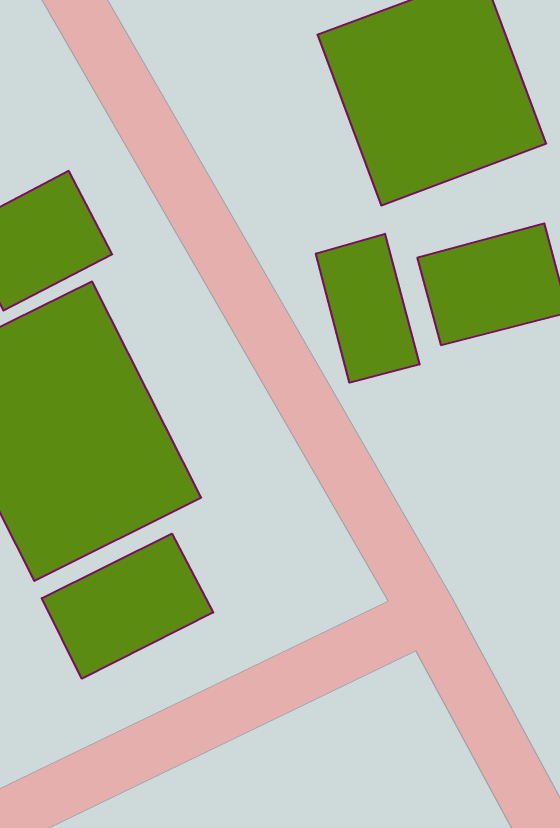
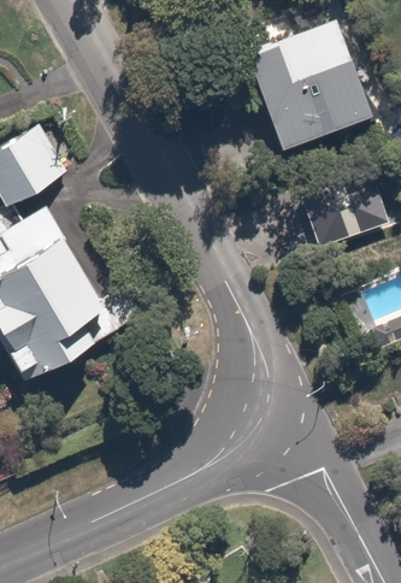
building: [316,234,420,383] -> none
building: [42,534,213,679] -> none

